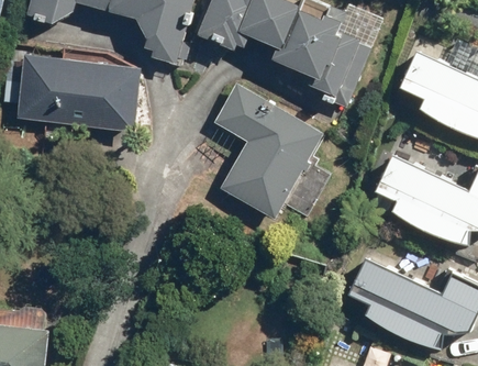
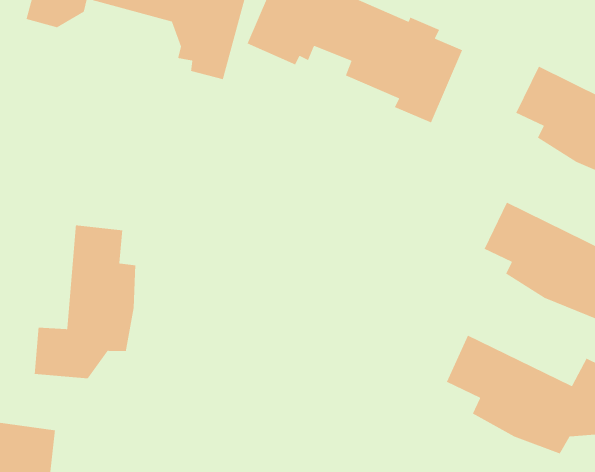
building: [16,54,141,131] -> none
building: [213,81,325,218] -> none
building: none -> [34,224,136,379]

